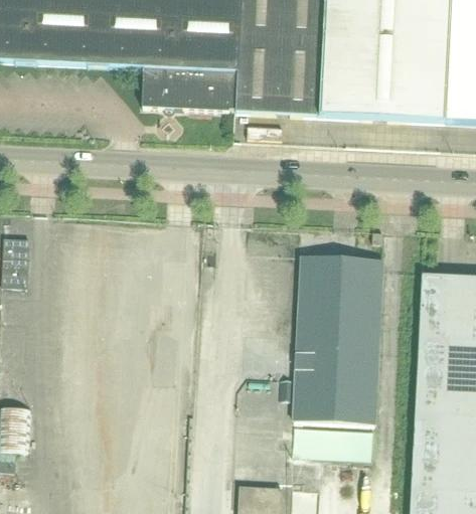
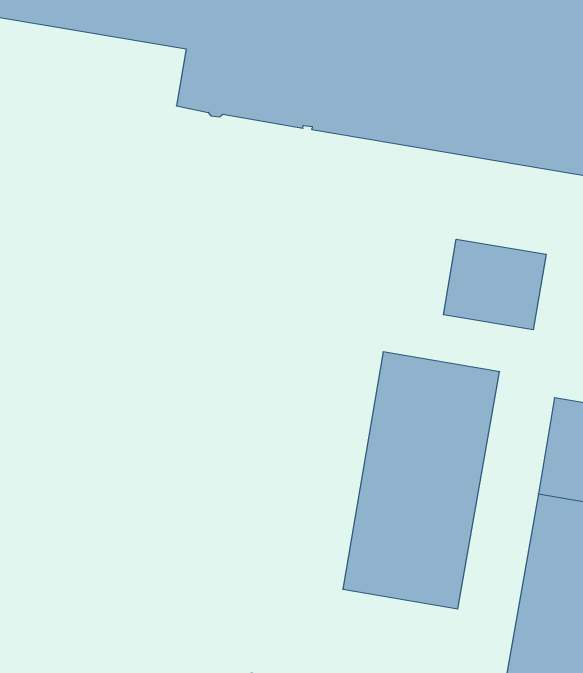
building: none -> [443,239,546,330]
building: [296,425,376,458] -> none

